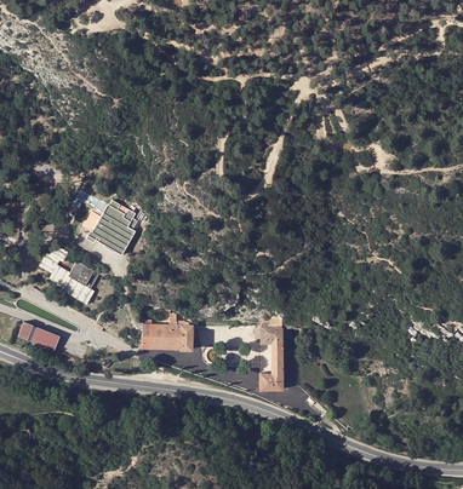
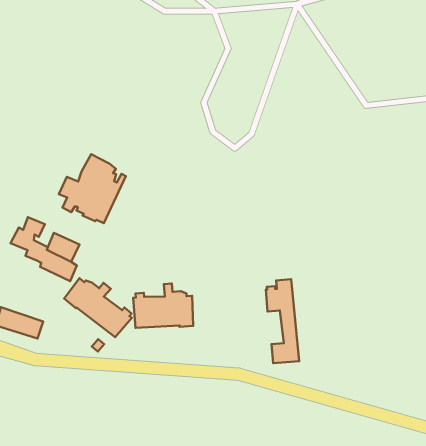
building: none -> [64,278,132,337]

